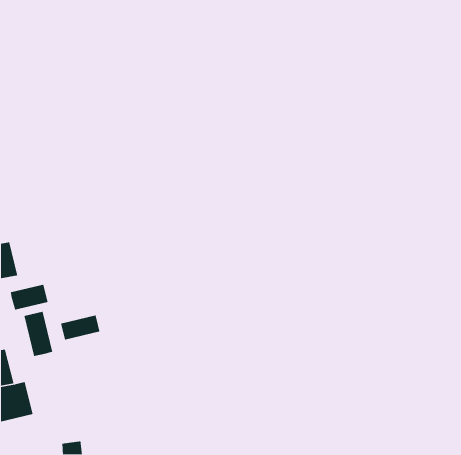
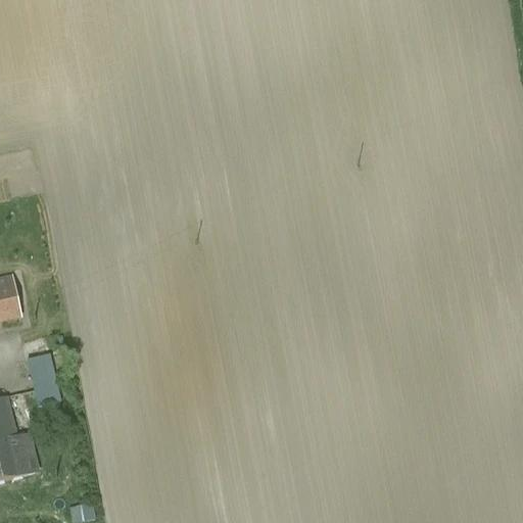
building: [10,284,49,311] -> none
building: [60,315,100,340] -> none

